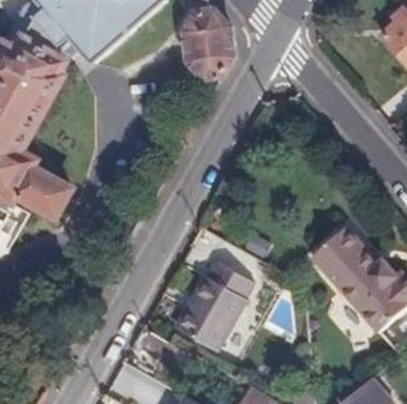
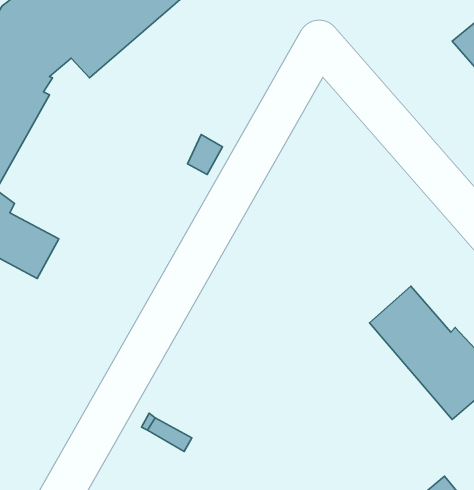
building: [186,11,226,77] -> none
building: [175,260,251,349] -> none

